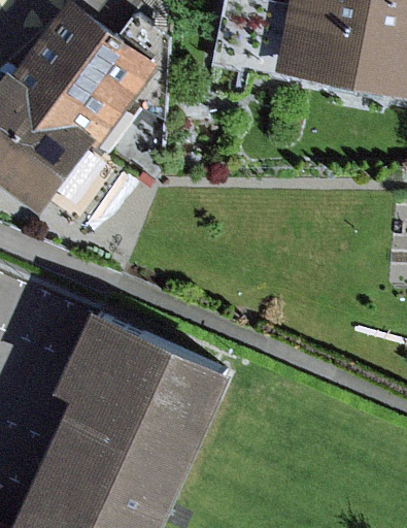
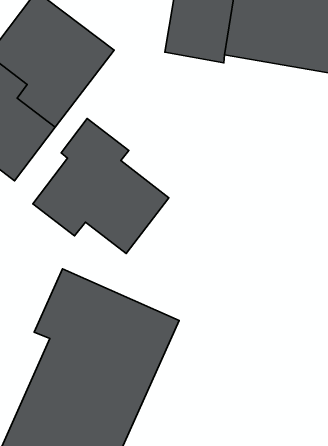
building: none -> [33,119,169,253]

